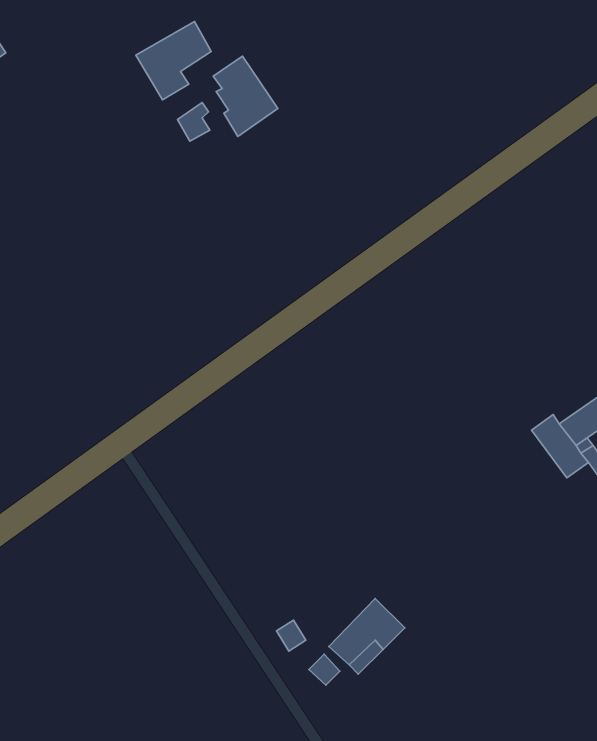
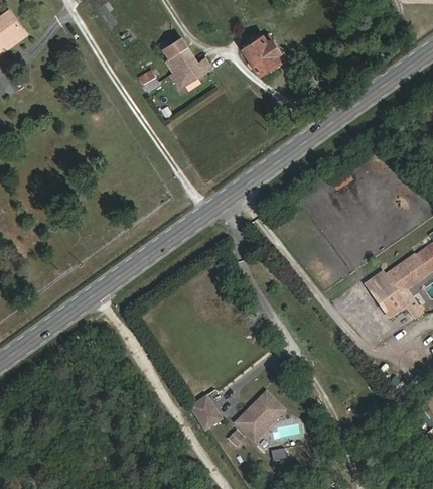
building: [136,22,211,100] -> none
building: none -> [240,34,283,78]
building: none -> [189,394,213,429]

